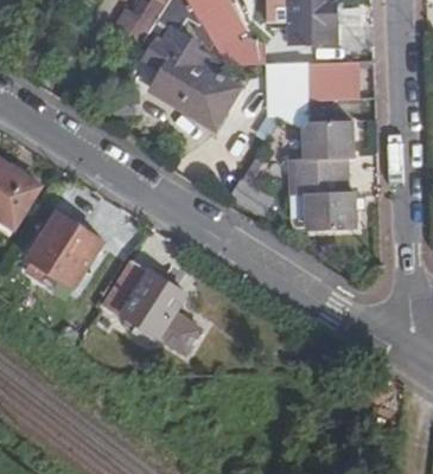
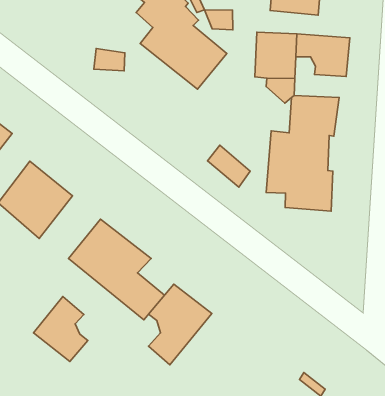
building: none -> [148,284,212,365]
building: none -> [33,297,88,362]

